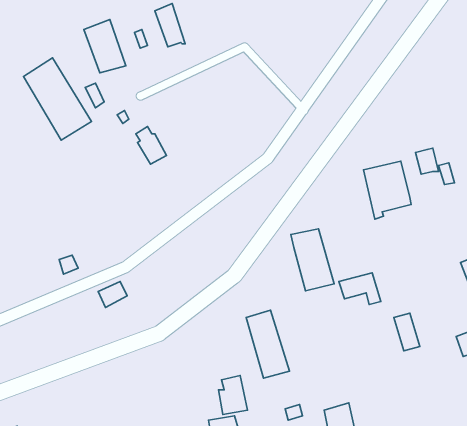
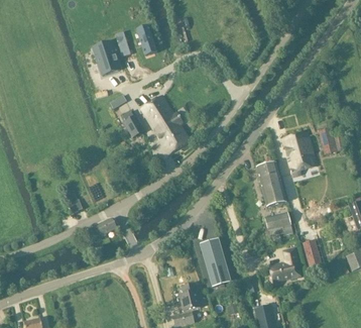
building: [23,58,91,140] -> [142,96,190,153]
building: [291,229,334,291] -> [256,163,286,207]
building: none -> [270,248,300,282]

